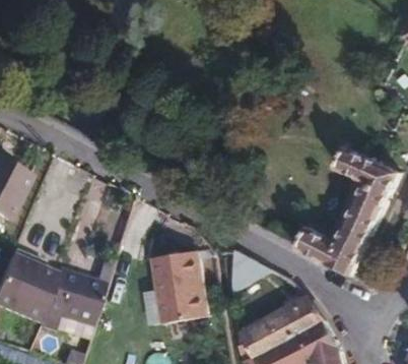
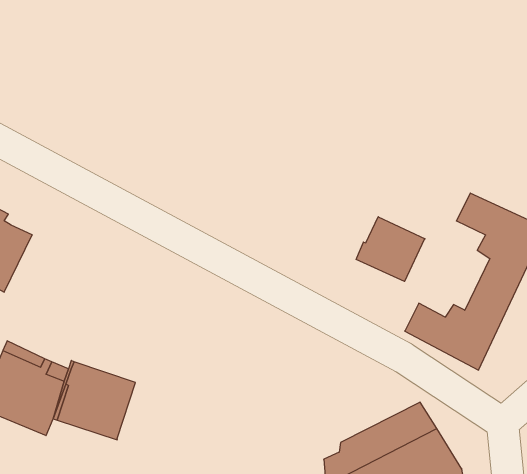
building: none -> [356,217,425,281]
building: [147,249,204,323] -> none
building: [231,249,271,293] -> none

